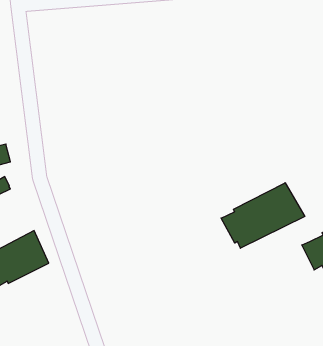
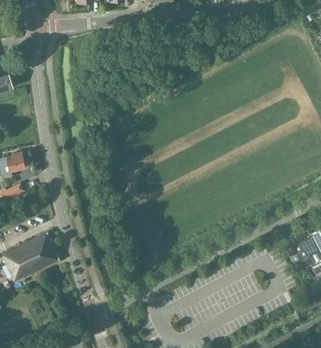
building: [221,183,305,248] -> none

